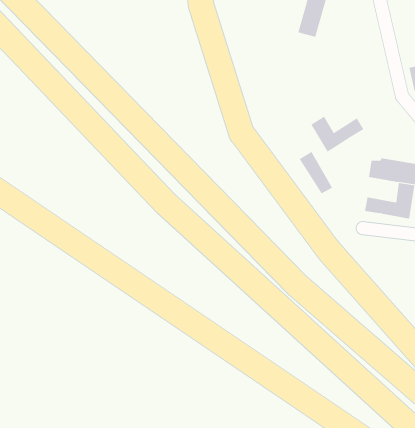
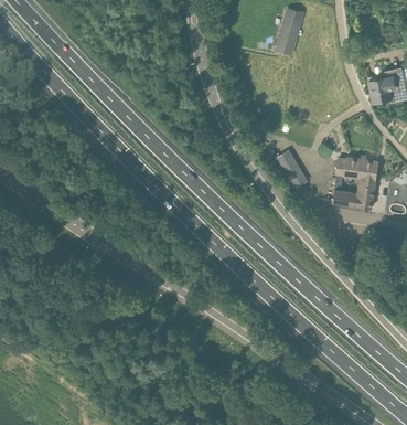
building: [311,116,364,152] -> none

